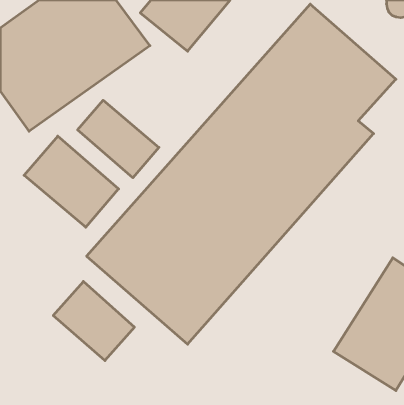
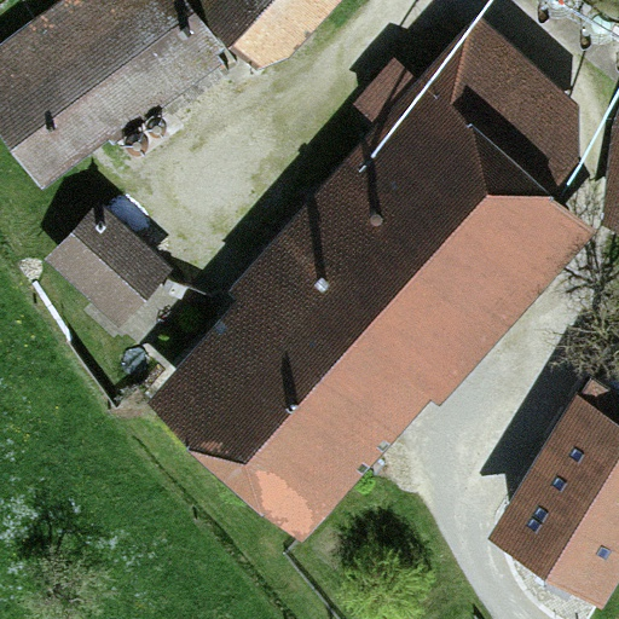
building: [78,100,159,178] -> none
building: [53,281,134,361] -> none

